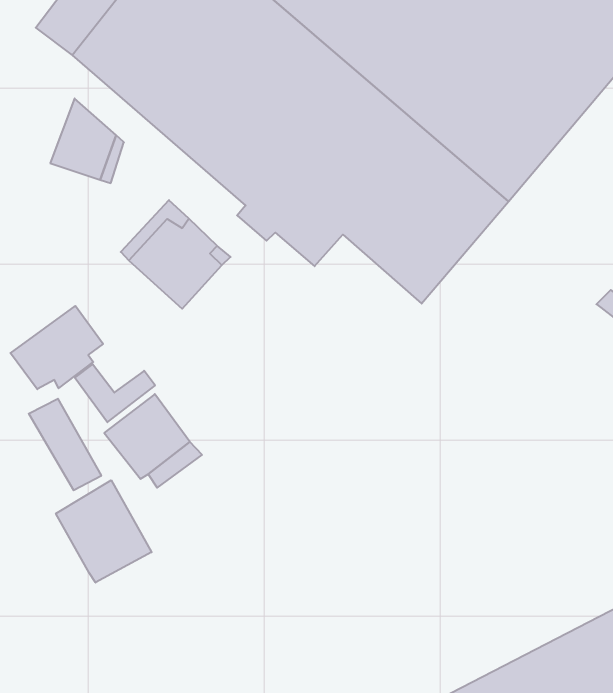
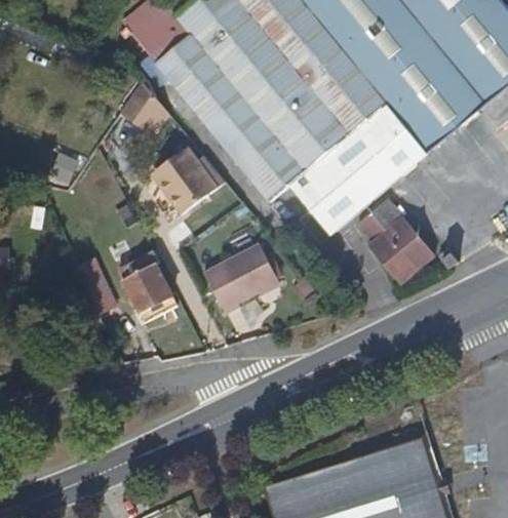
building: none -> [359,201,432,281]
building: [10,306,103,389] -> none
building: none -> [204,241,279,313]
building: [56,480,152,583] -> none

